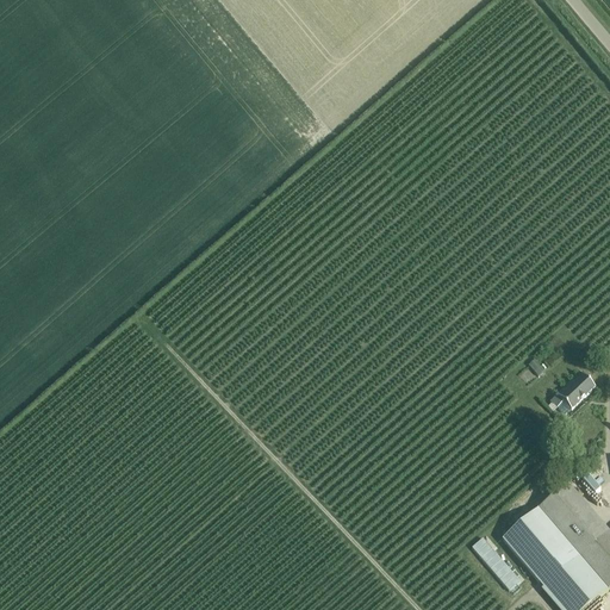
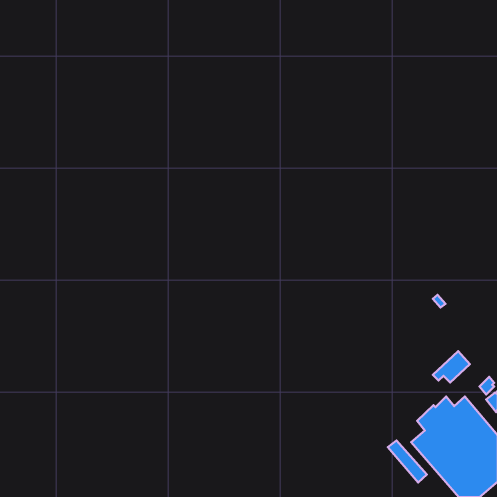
building: [552,372,597,410] -> [433,351,470,383]

